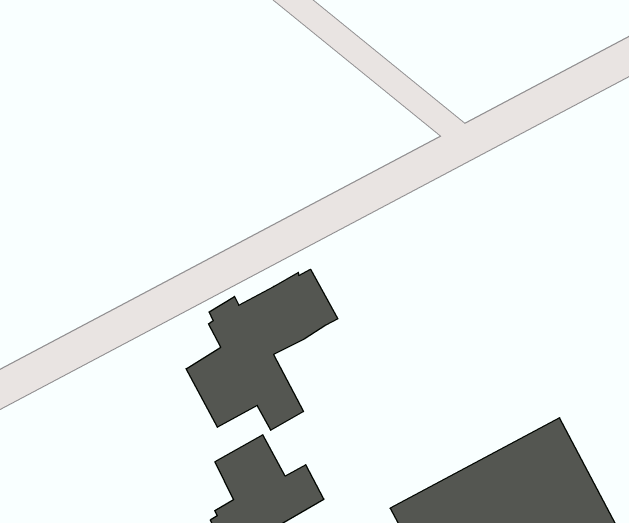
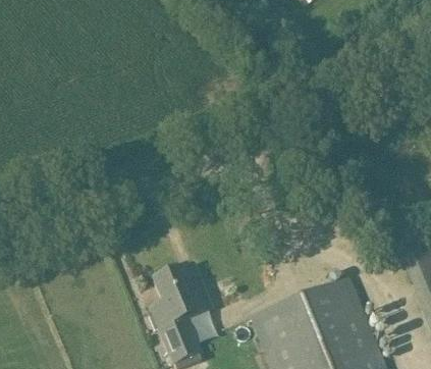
building: [186,269,338,430] -> none

